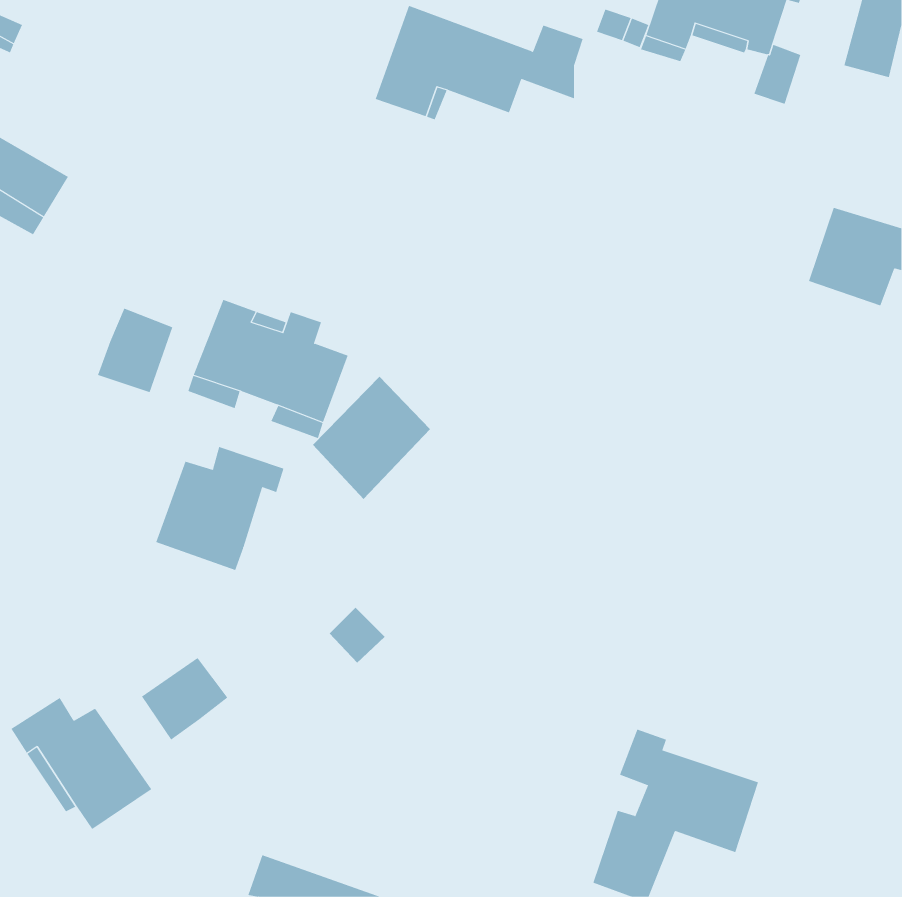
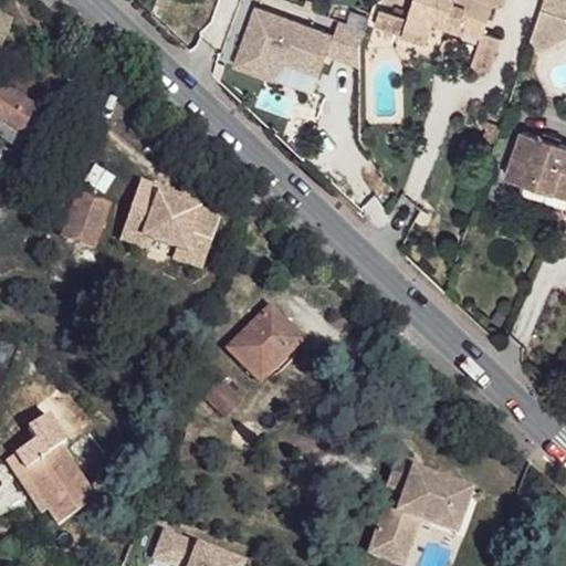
building: [312,376,431,500] -> [228,304,302,381]
building: [155,446,284,571] -> none
building: [141,657,228,741] -> none

